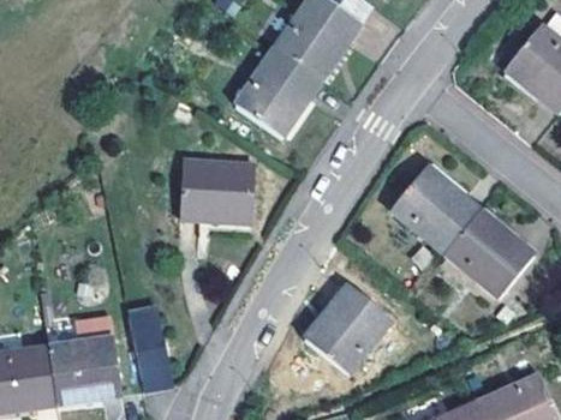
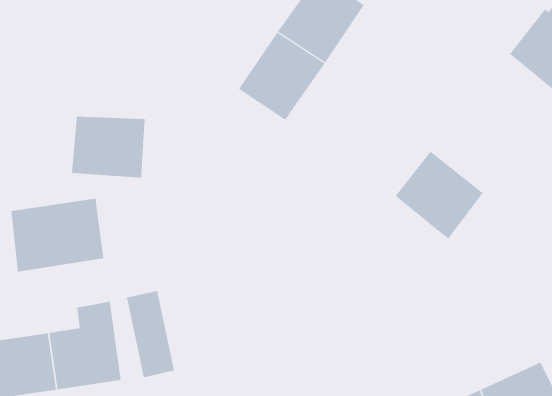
building: [179,160,252,221] -> [71,116,145,178]
building: [443,208,533,296] -> none
building: none -> [11,198,104,272]
building: [303,283,392,371] -> none

